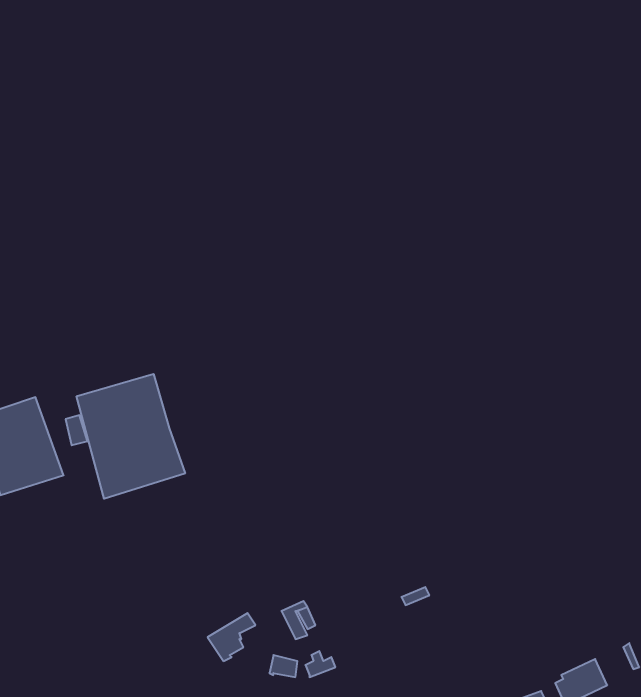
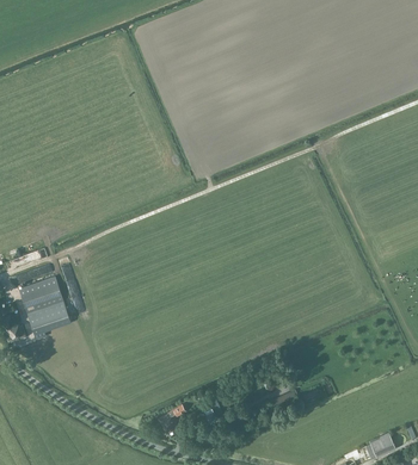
building: [77,374,185,499] -> none

